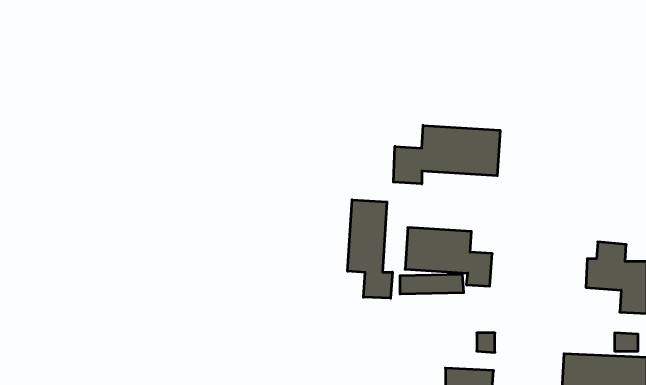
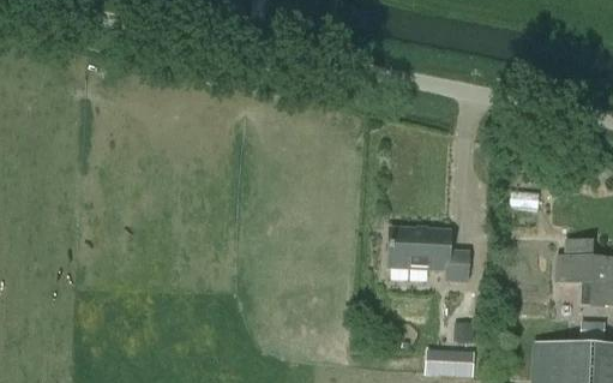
building: [393,125,500,184] -> none
building: [348,200,392,298] -> none

